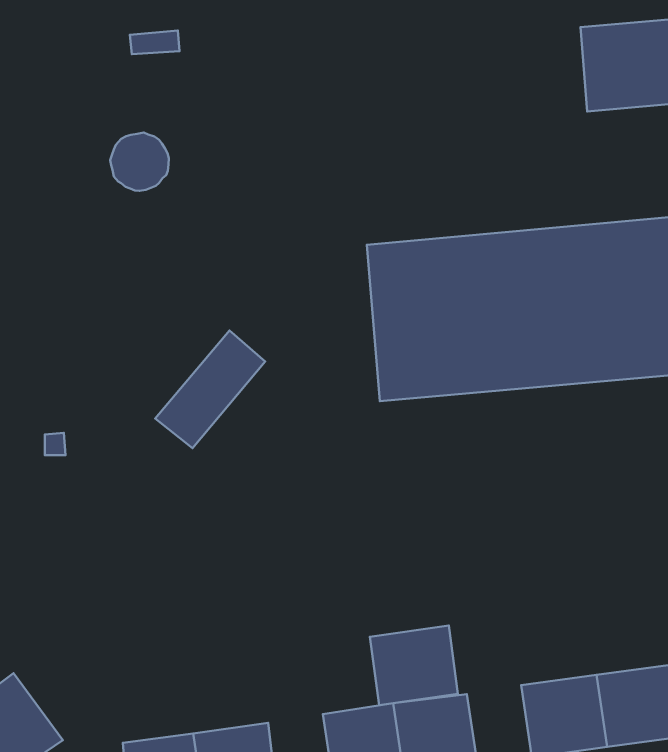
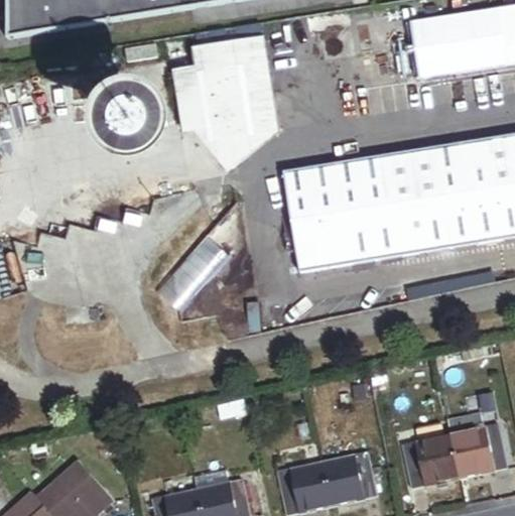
building: none -> [171,37,278,172]
building: [370,626,458,705] -> none

